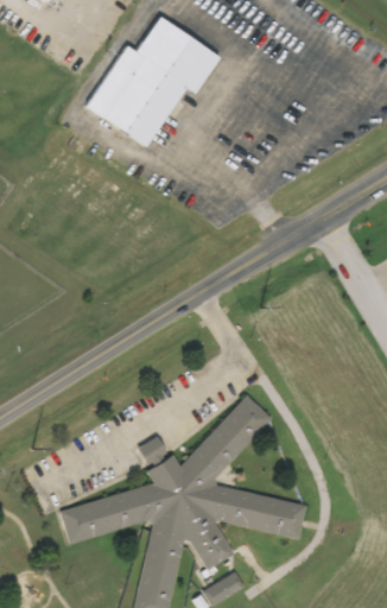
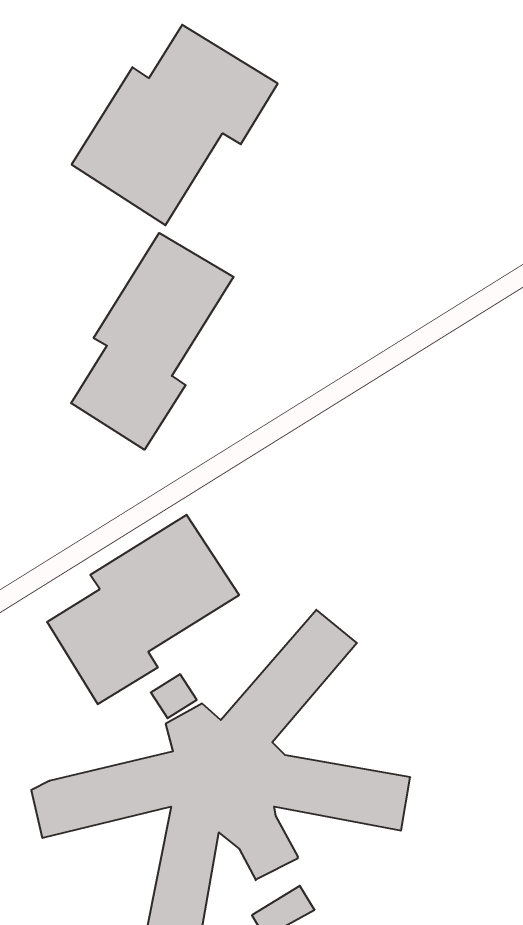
building: none -> [71,233,234,450]
building: none -> [47,515,239,704]

